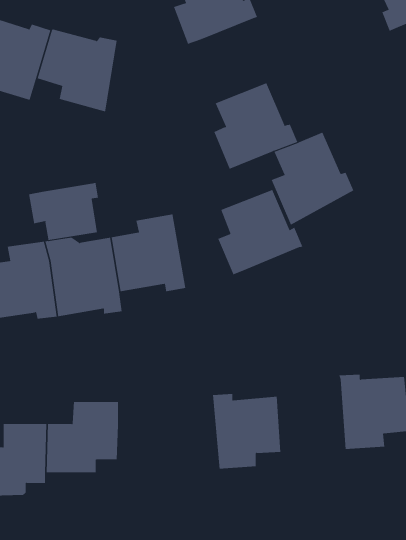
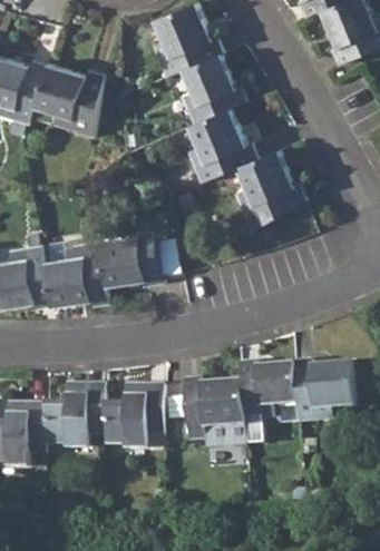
building: none -> [174,55,246,127]
building: [28,182,99,241] -> none
building: [217,189,303,275] -> none
building: none -> [240,361,298,425]
building: none -> [104,382,163,443]

